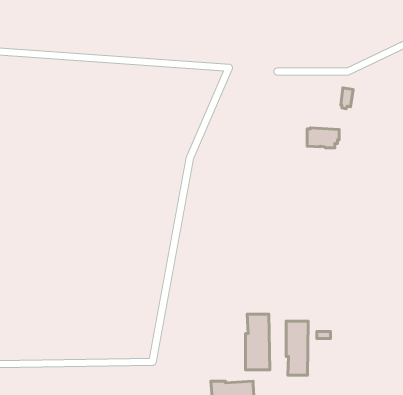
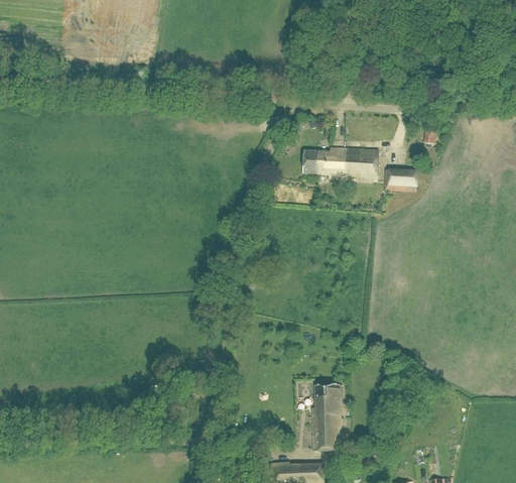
building: none -> [303,148,378,179]
building: [286,321,308,375] -> none

